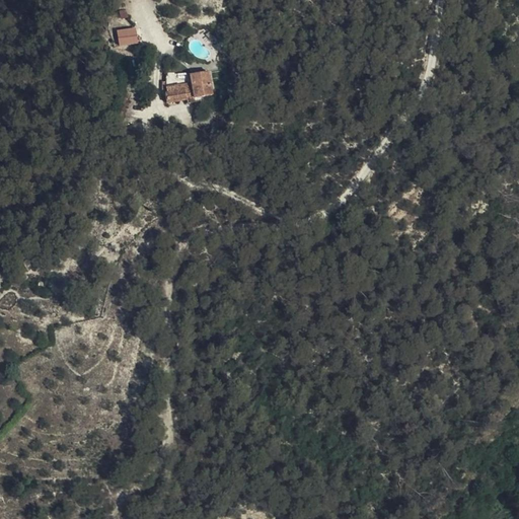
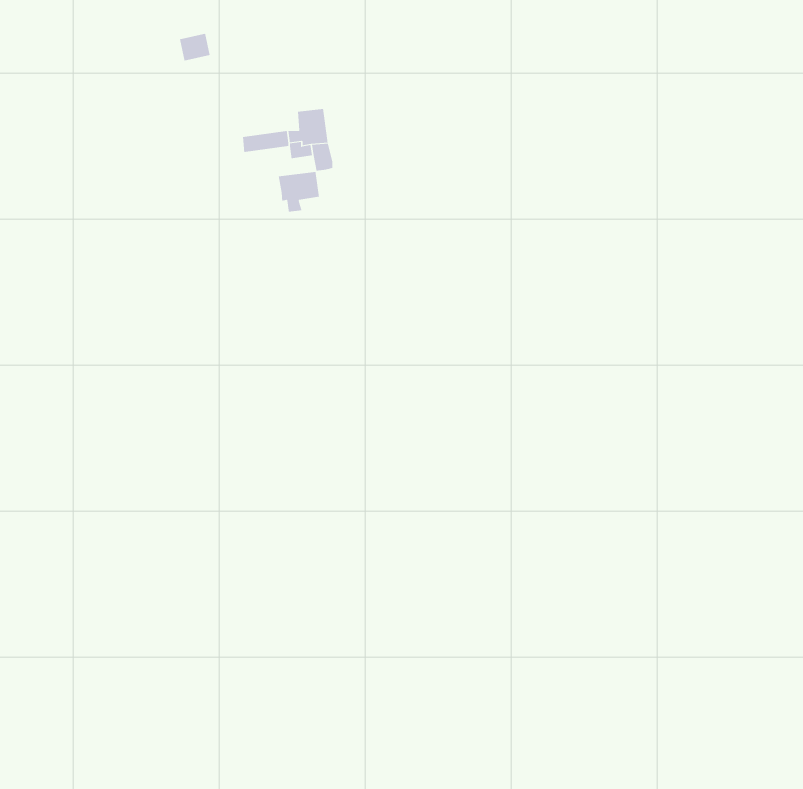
building: none -> [278,171,319,213]

